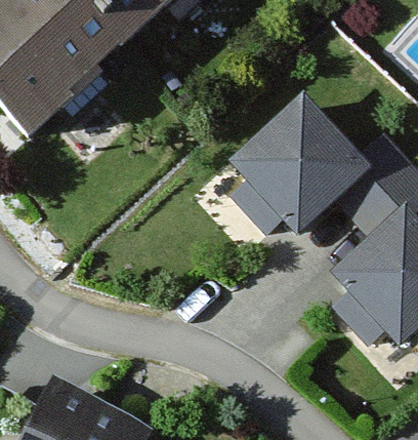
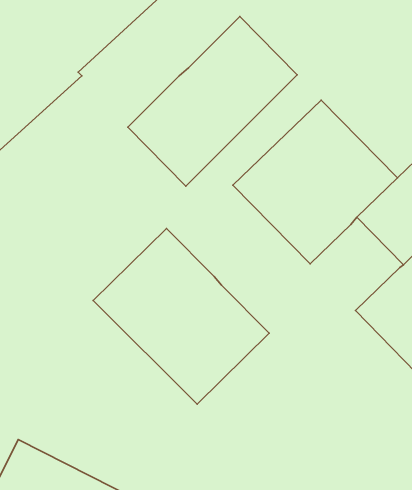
building: none -> [128,17,297,186]
building: none -> [93,229,269,404]

